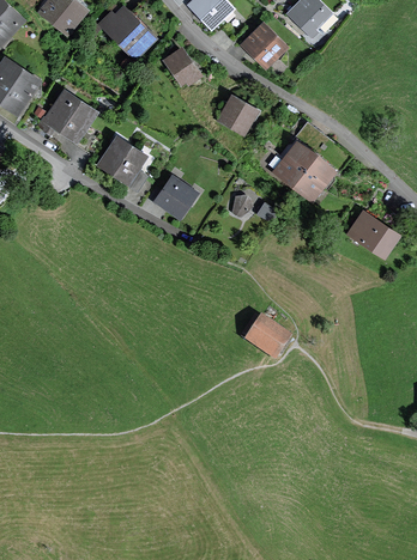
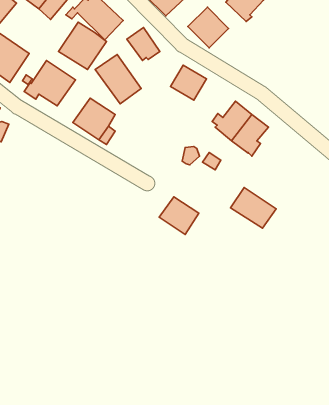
building: none -> [59,22,107,69]
building: none -> [95,54,141,104]
building: [152,172,200,220] -> none
building: [348,208,404,258] -> [231,187,276,228]
building: [242,316,291,363] -> [159,197,199,235]

